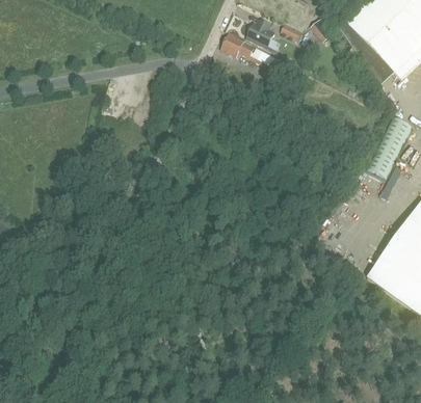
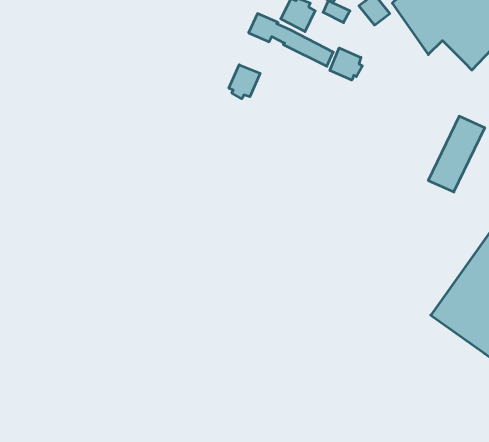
building: none -> [330,48,362,80]
building: none -> [229,65,260,99]

